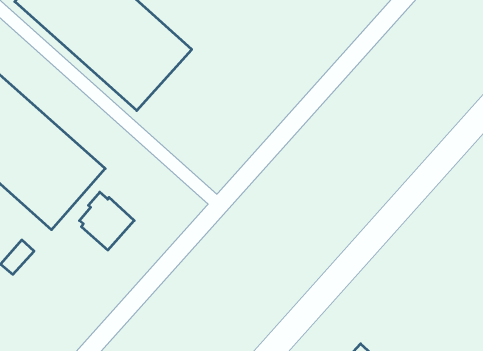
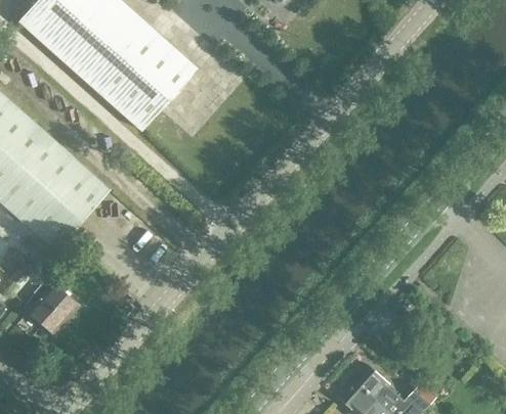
building: [79,192,134,250] -> [26,278,81,336]

